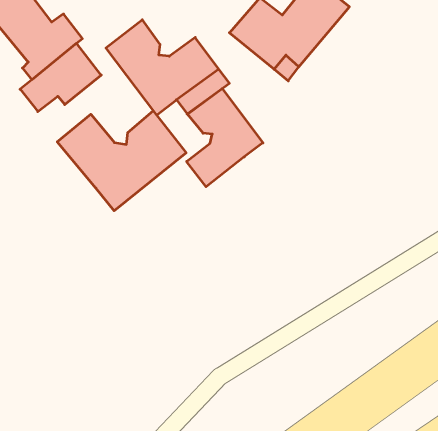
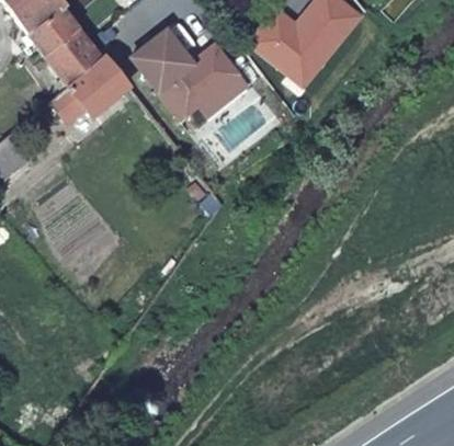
building: [187,89,263,187] -> none
building: [57,111,186,211] -> none

